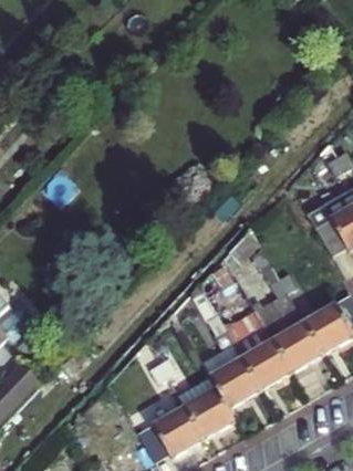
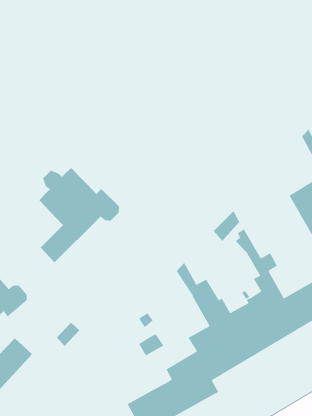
building: none -> [39,167,120,263]

